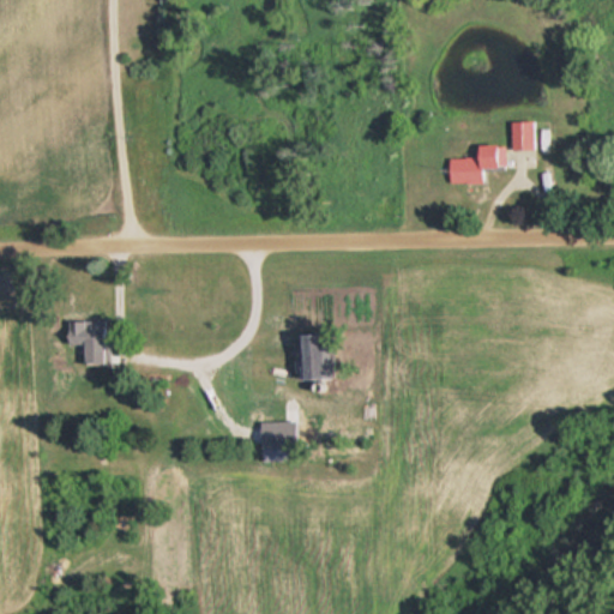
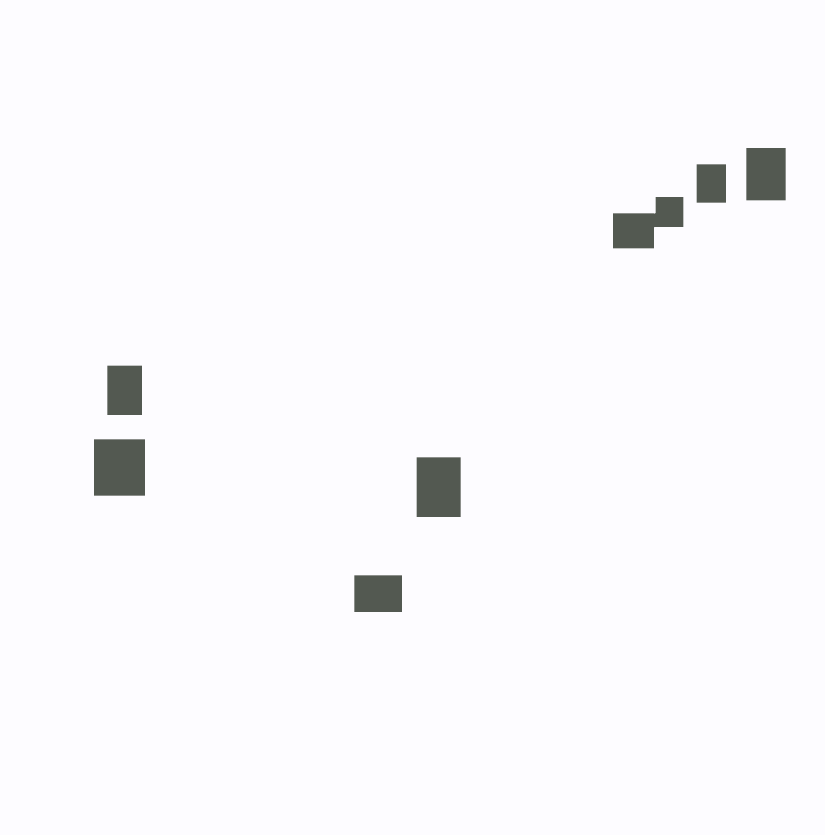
building: none -> [746,147,786,201]
building: none -> [107,365,142,416]

